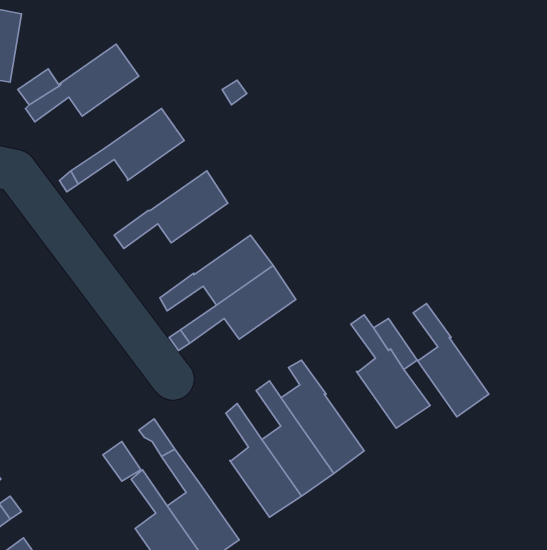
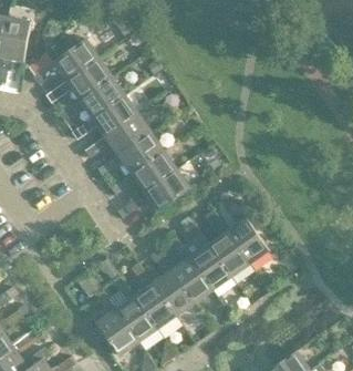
building: none -> [45,59,112,103]
building: none -> [71,96,138,141]
building: none -> [97,133,164,177]
building: [413,303,489,417] -> [205,212,249,278]
building: none -> [131,264,175,330]

